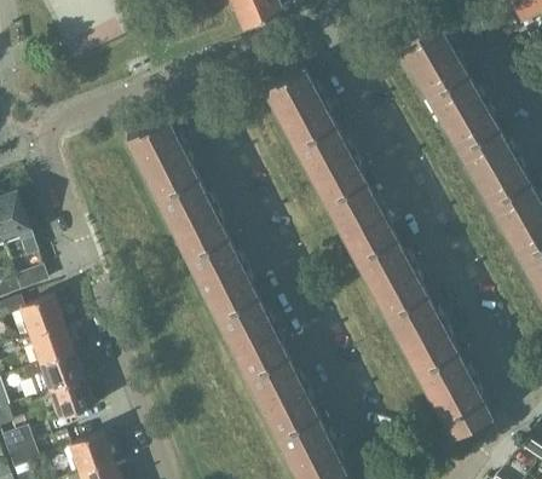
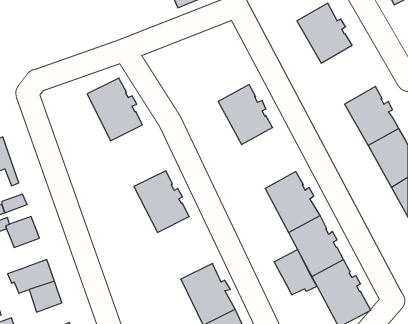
building: [263,67,334,146] -> none
building: [427,74,497,150] -> none
building: [155,177,226,256] -> none
building: [324,180,394,259] -> none
building: [215,295,287,376] -> none
building: [30,323,73,363] -> none
building: none -> [274,249,317,295]

